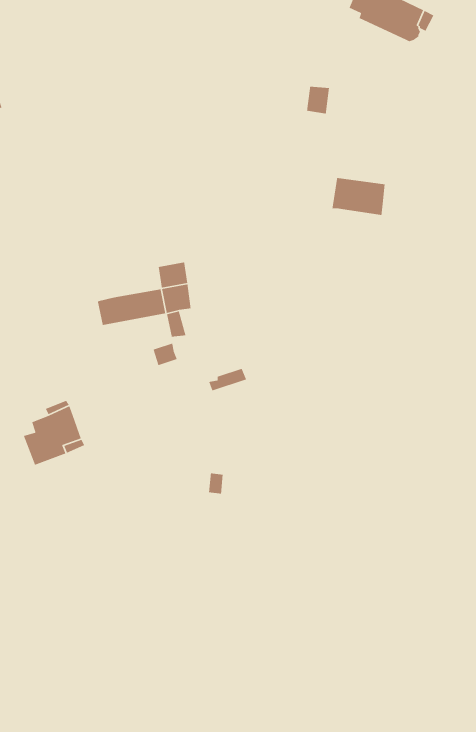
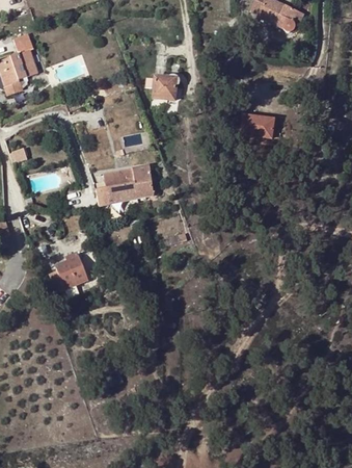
building: none -> [147,74,177,100]
building: none -> [103,168,135,187]

